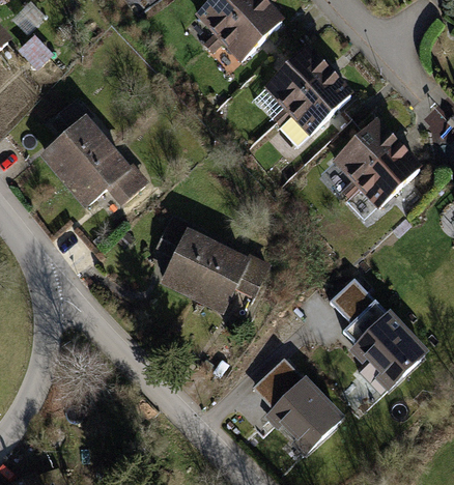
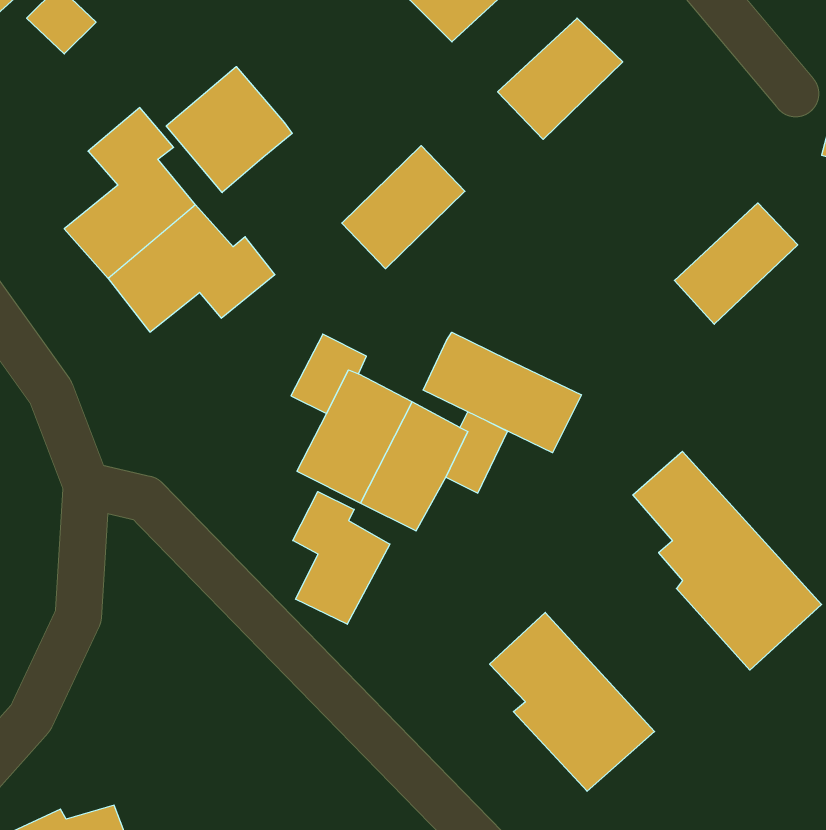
building: [286,70,350,135] -> [342,146,465,269]
building: none -> [166,67,292,193]
building: [332,119,398,184] -> none
building: none -> [423,332,581,453]
building: none -> [293,492,390,624]

